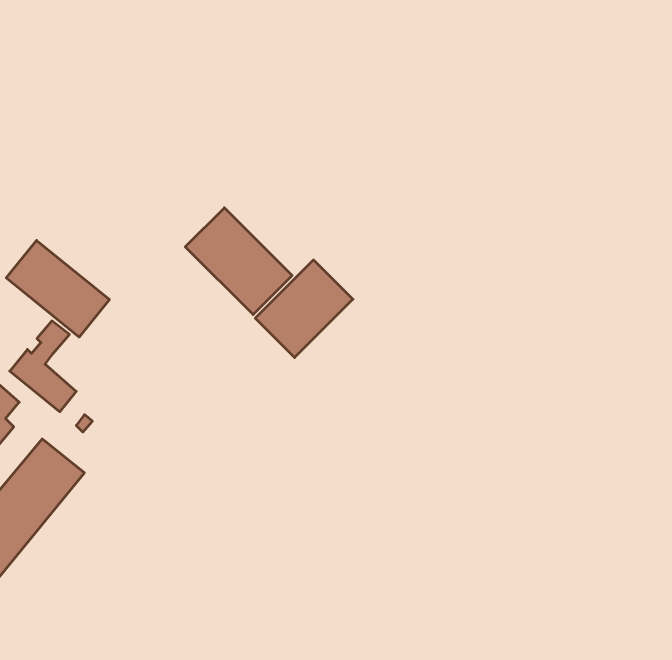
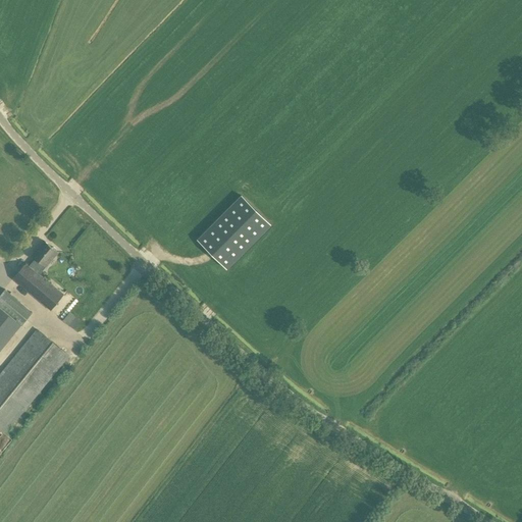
building: [185,208,292,315] -> none
building: [6,240,109,337] -> none

